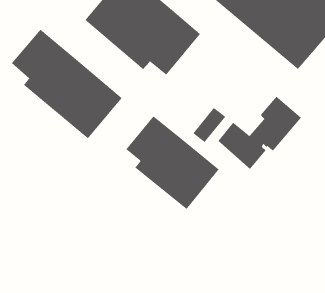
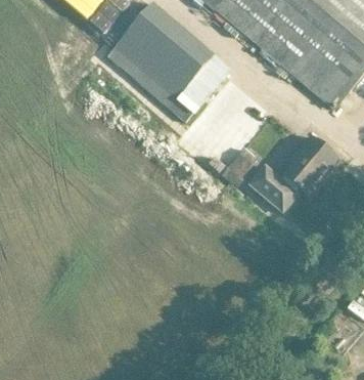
building: [11,29,123,139] -> none
building: [126,116,219,210] -> none

